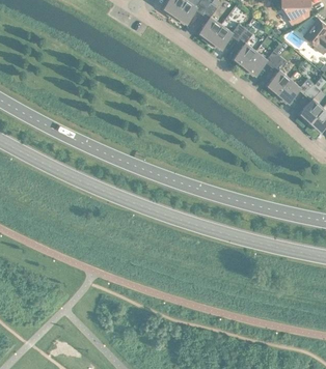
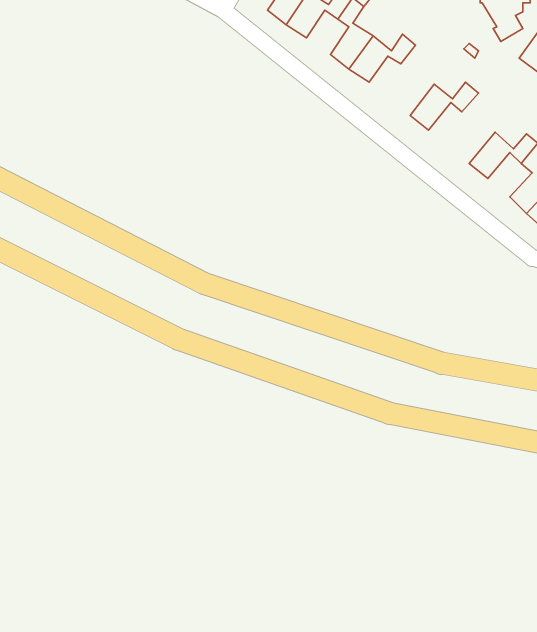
building: [233,29,256,68] -> none
building: [266,56,291,95] -> none

